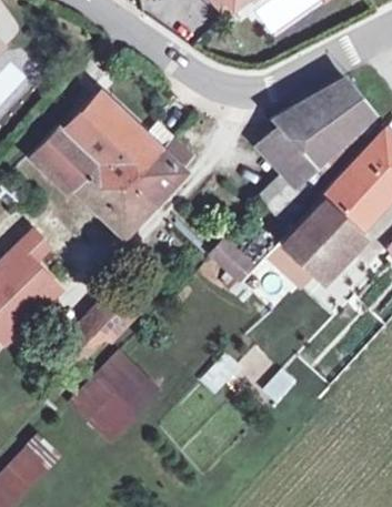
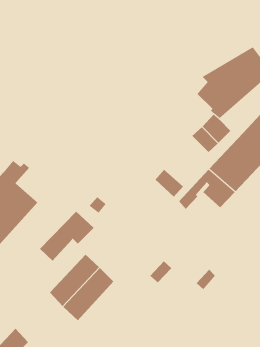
building: [38,93,194,232] -> none

